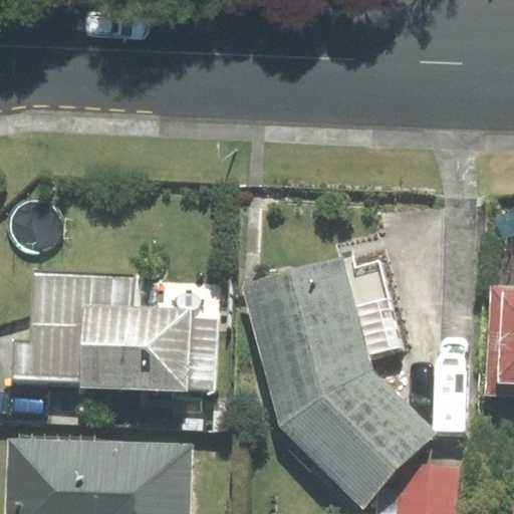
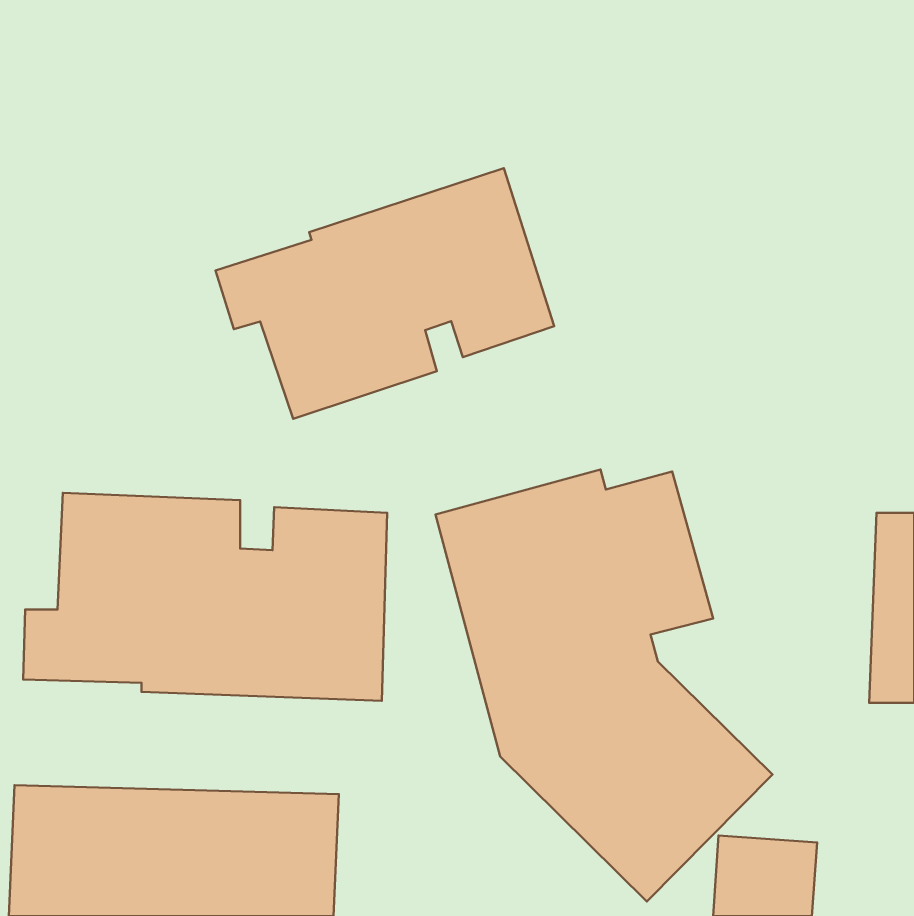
building: none -> [215,168,554,419]

